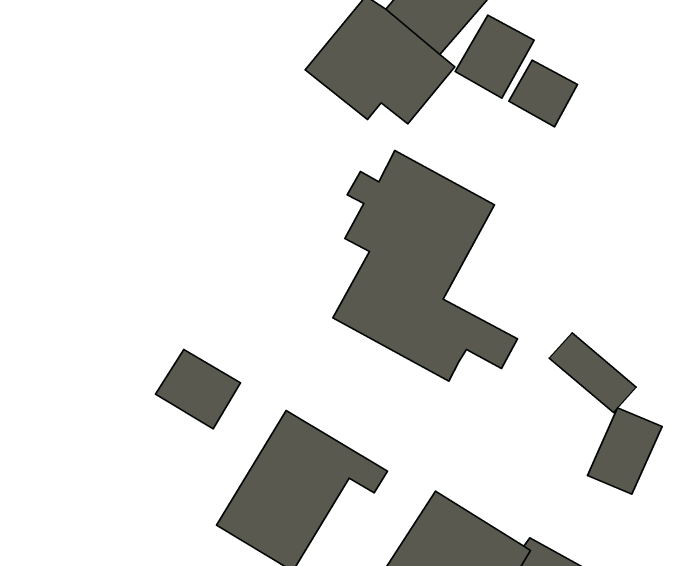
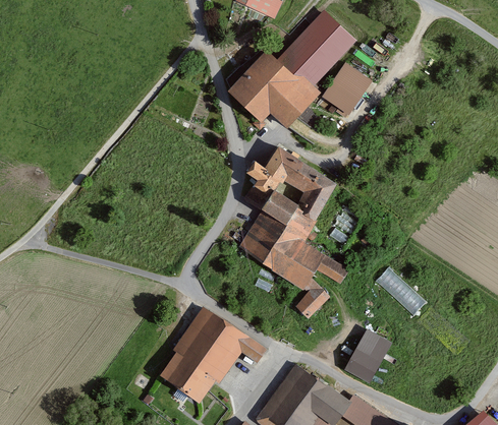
building: [509,60,578,127] -> none
building: [156,349,241,429] -> none
building: none -> [295,281,330,317]
building: [587,408,662,494] -> [344,327,393,382]

